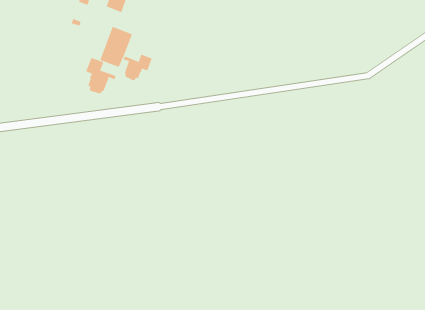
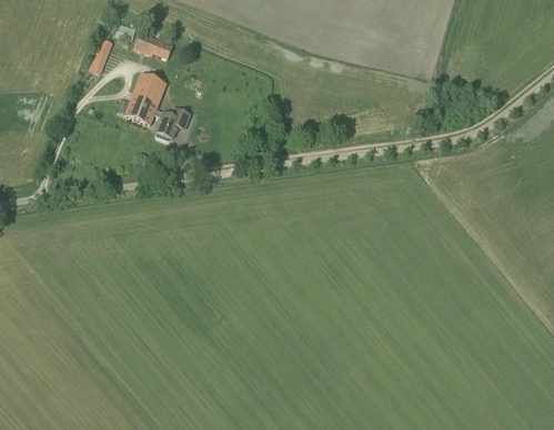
building: [85,57,116,94] -> none

